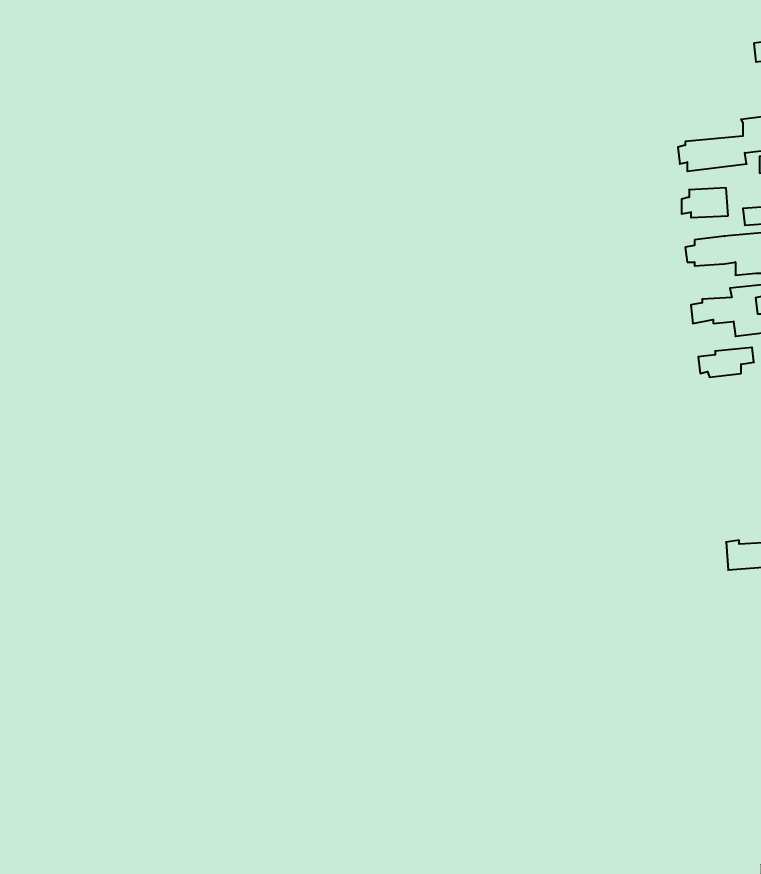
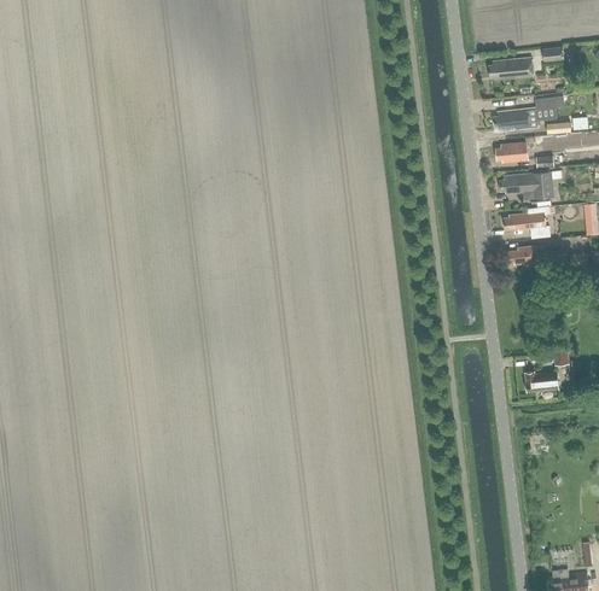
building: none -> [487,55,531,80]

